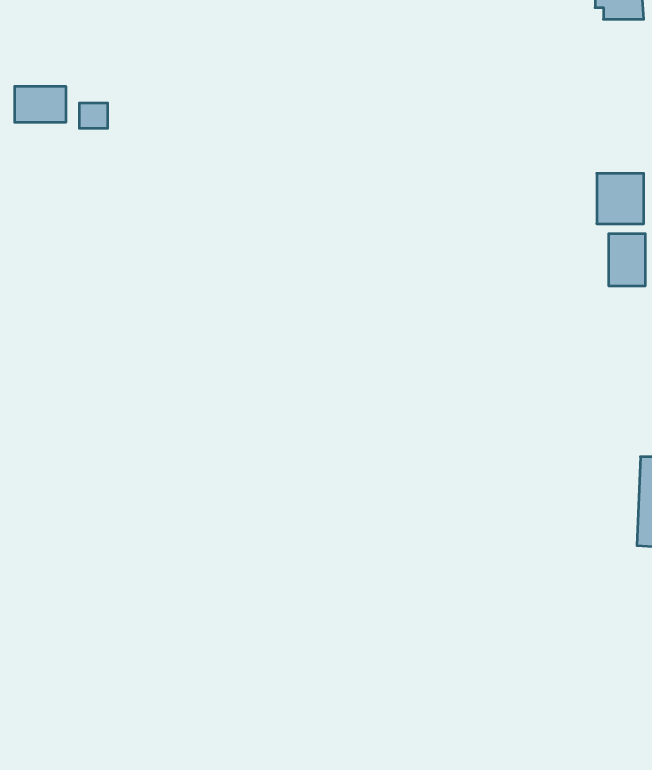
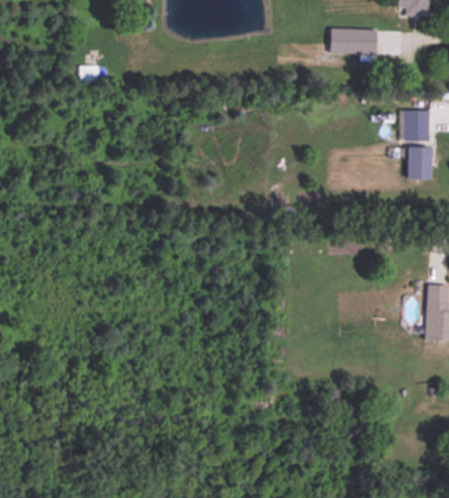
building: none -> [330,28,376,54]
building: [15,86,66,122] -> none

